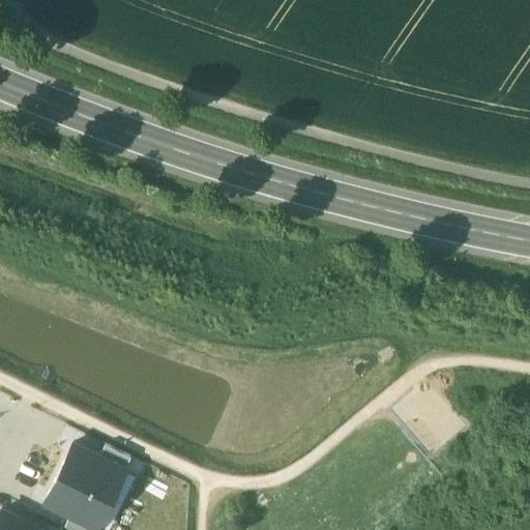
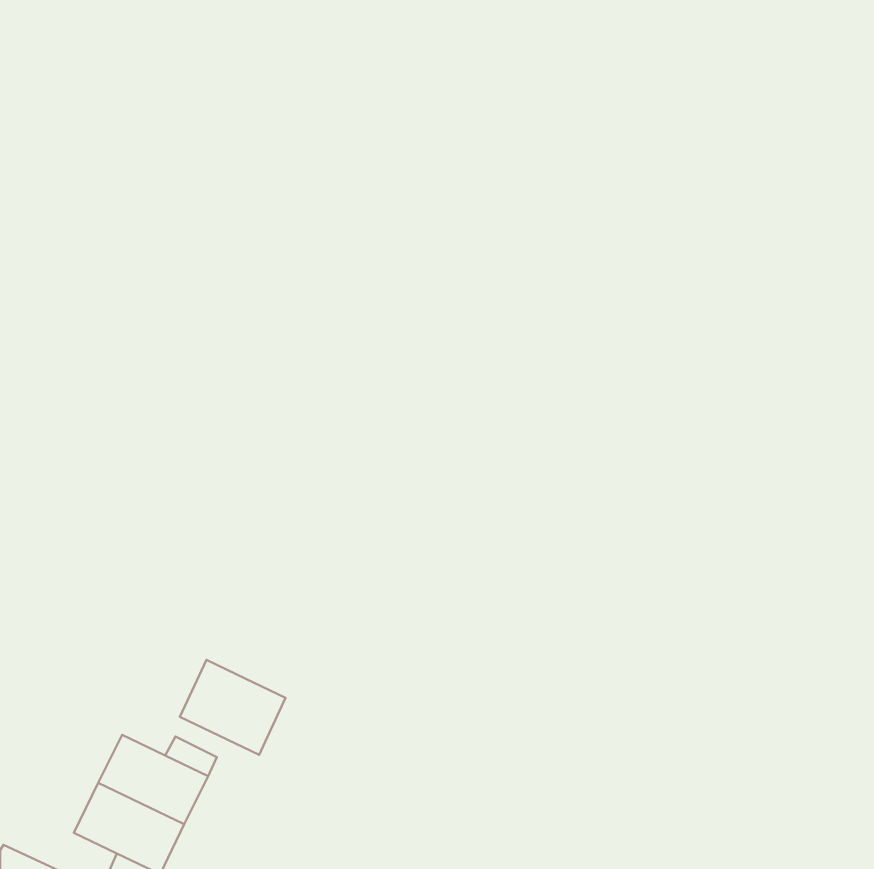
building: none -> [180,660,285,755]

